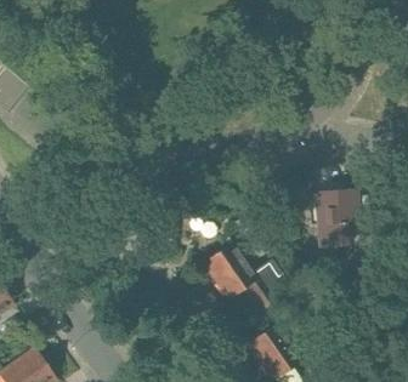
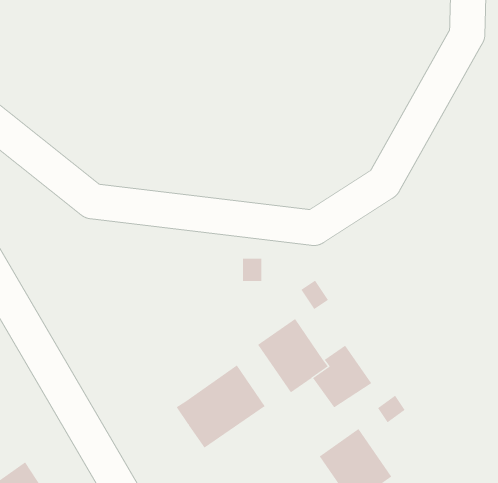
building: [314,190,358,239] -> none
building: none -> [176,365,265,449]

